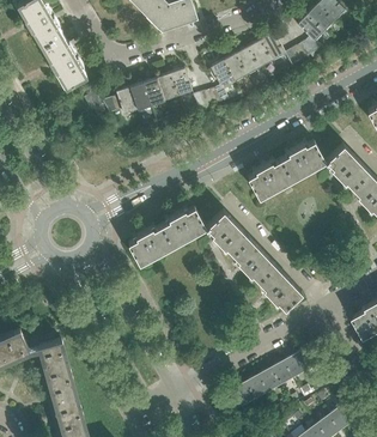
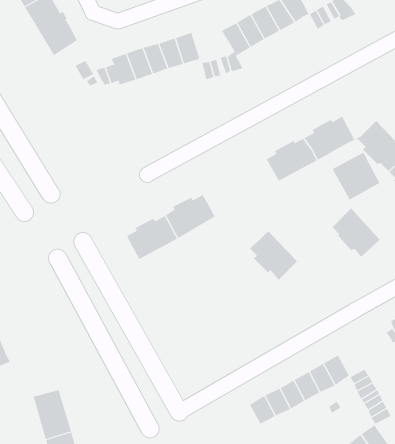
building: none -> [332,152,380,201]
building: [205,213,250,256] -> none
building: [259,267,300,310] -> [332,208,381,258]
building: [38,341,71,383] -> none

